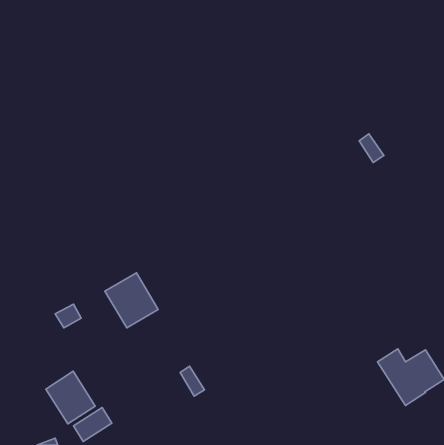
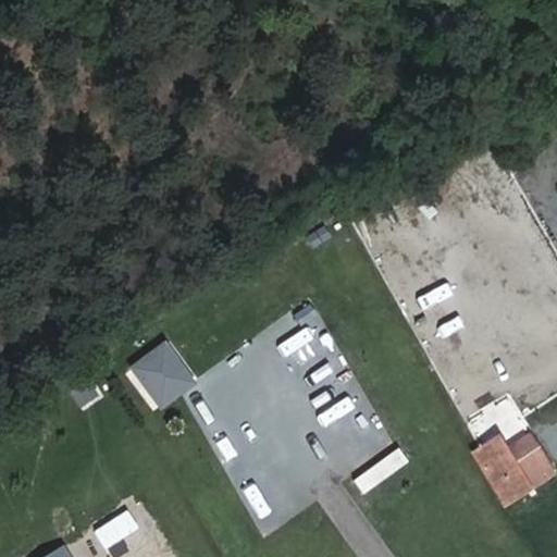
building: [46,371,95,424] -> none

